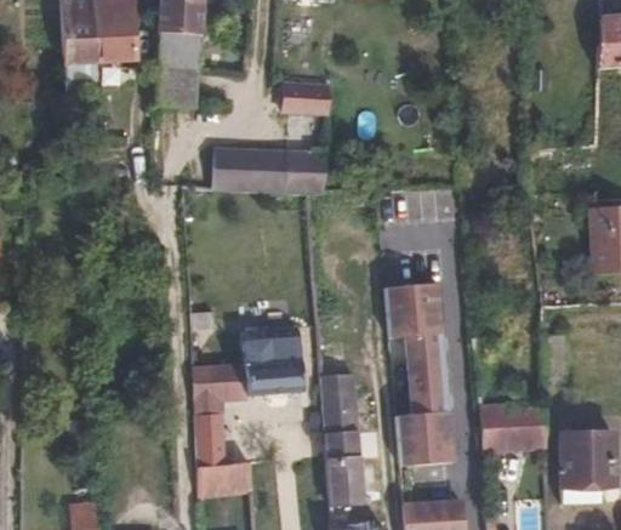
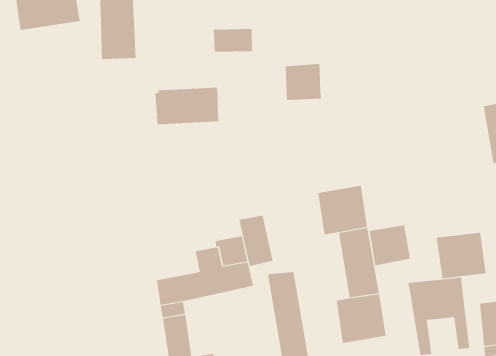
building: [284,152,327,194] -> [285,64,322,100]
building: none -> [239,215,273,267]
building: none -> [369,224,411,266]
building: none -> [436,232,486,279]

